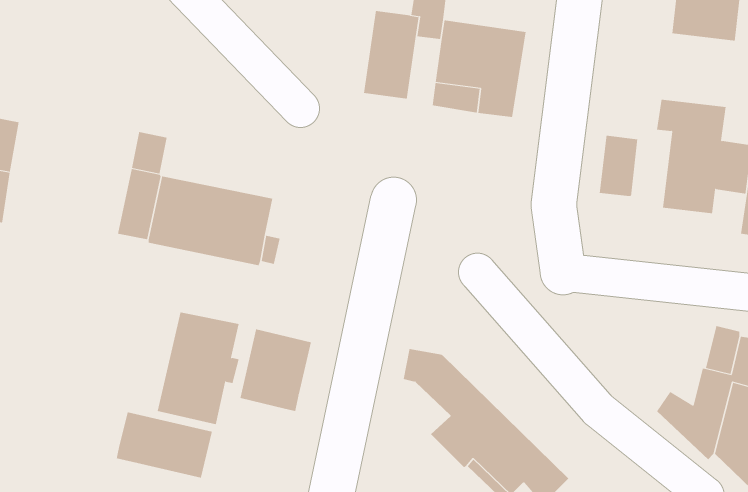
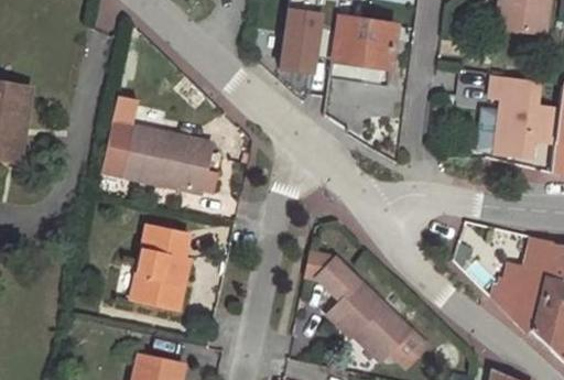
building: [599,135,638,197] -> none
building: [240,328,312,412] -> none
building: [116,411,212,478] -> none

